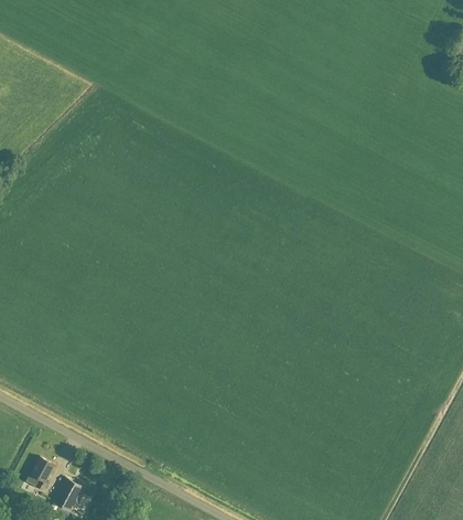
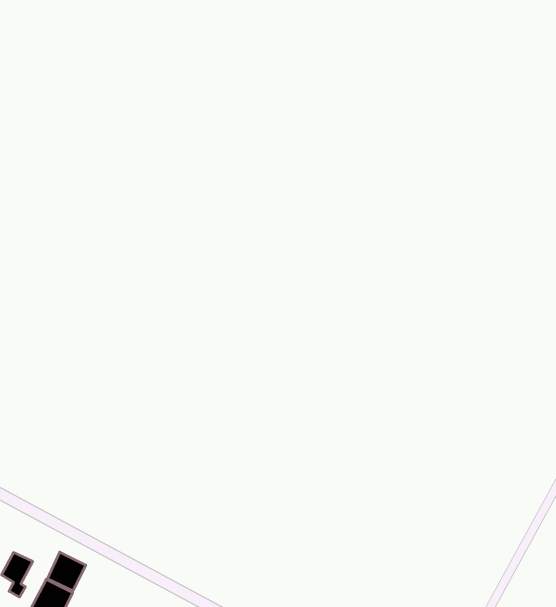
building: none -> [48,552,86,591]

